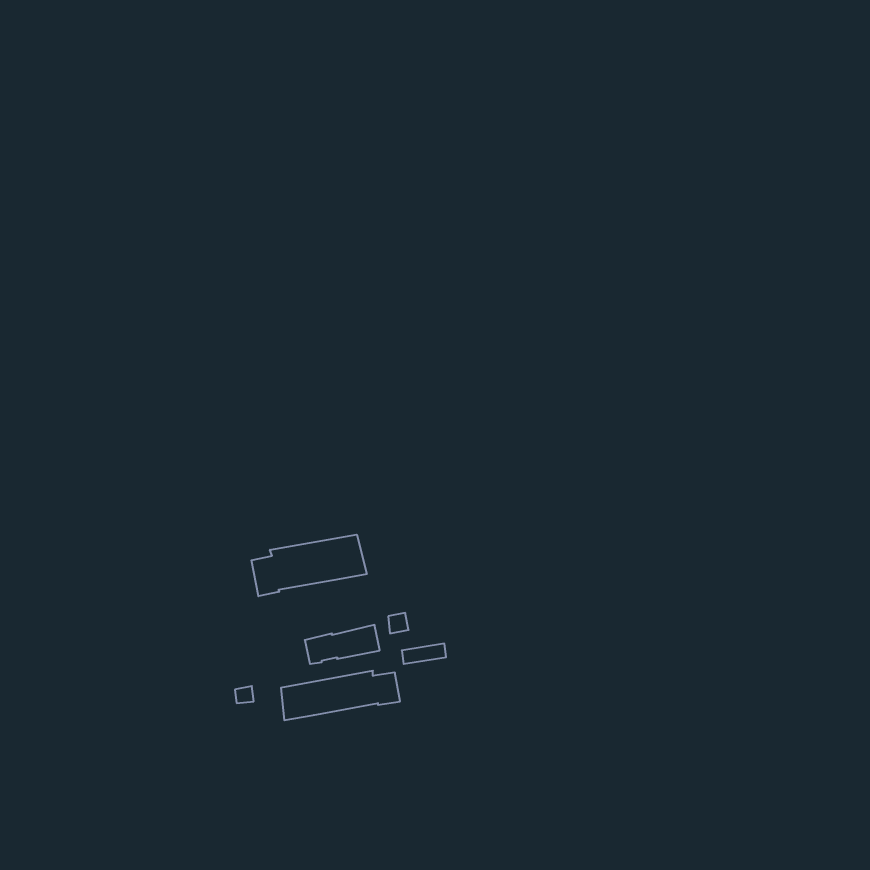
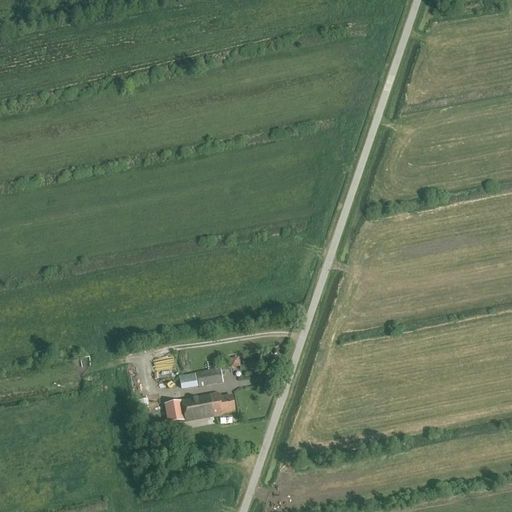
building: [251,535,367,596] -> none

